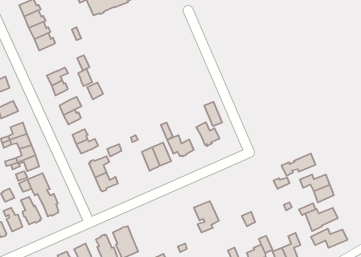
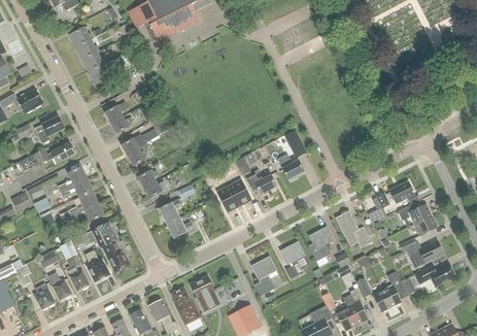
building: none -> [338,210,371,246]
building: none -> [309,226,334,260]
building: none -> [251,256,276,295]

